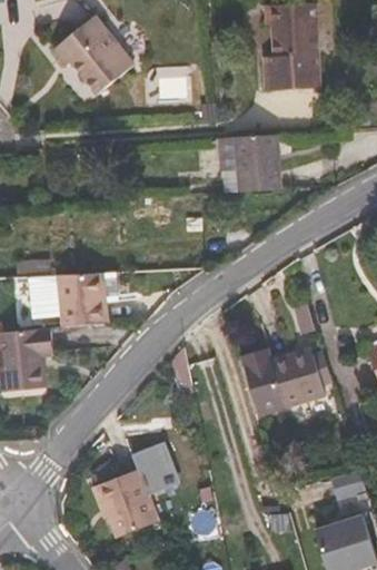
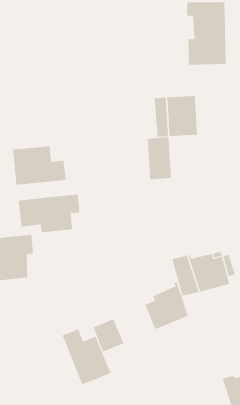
building: [49,16,131,95] -> none
building: none -> [147,136,171,180]
building: none -> [12,146,66,186]
building: none -> [145,281,189,330]

